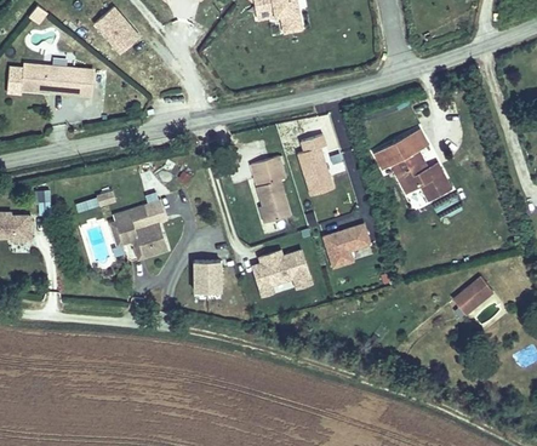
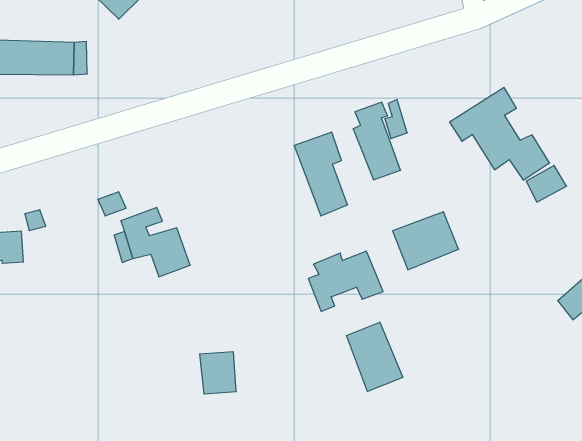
building: [194,261,221,292] -> [200,352,236,394]
building: none -> [346,322,403,391]

